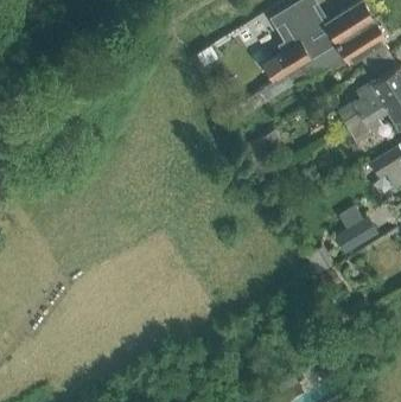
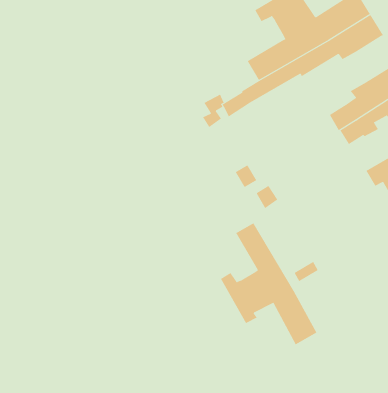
building: none -> [220,223,317,345]
building: [336,216,378,253] -> none

